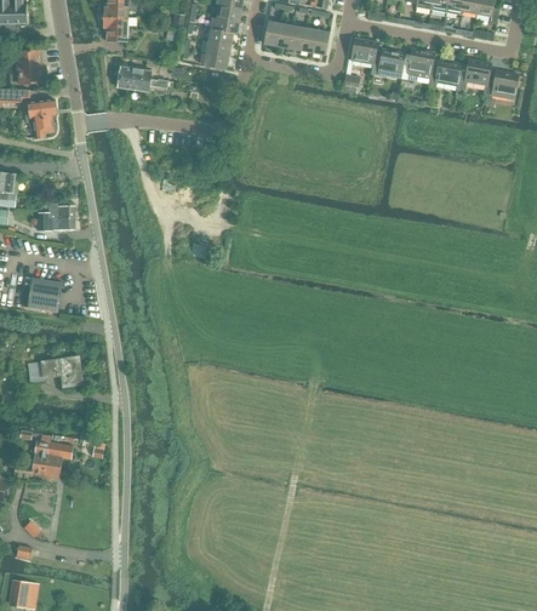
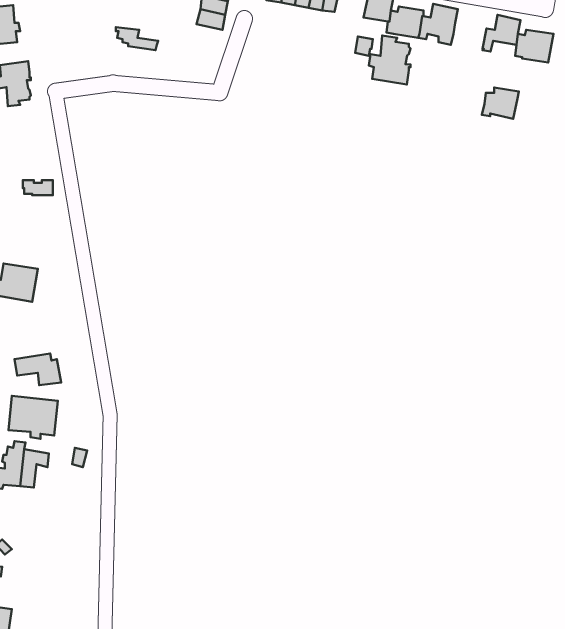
building: [427,59,459,87] -> [482,87,519,119]
building: [115,65,166,96] -> none
building: none -> [369,36,410,85]
building: [38,211,74,229] -> none
building: none -> [8,396,58,439]

